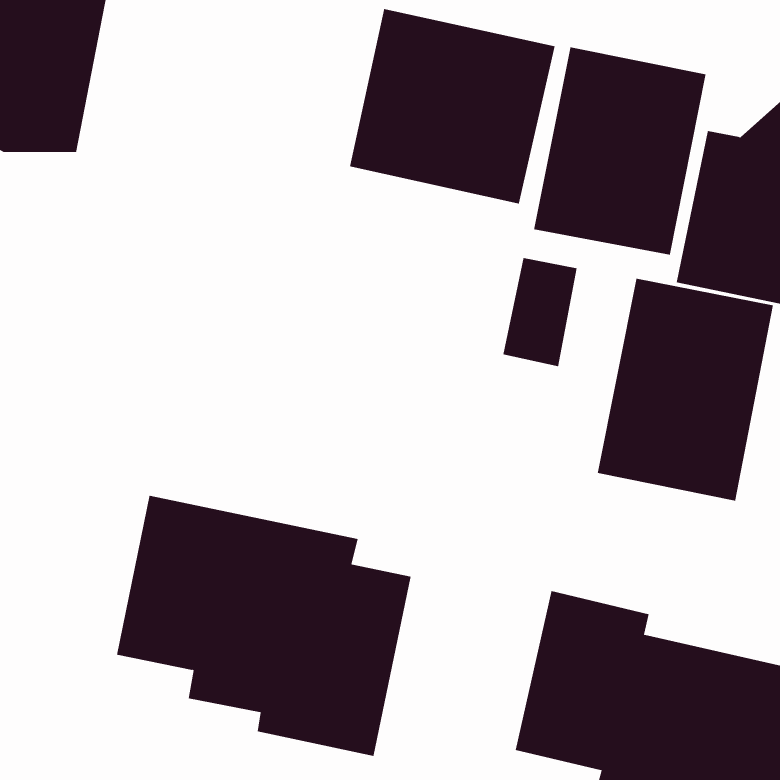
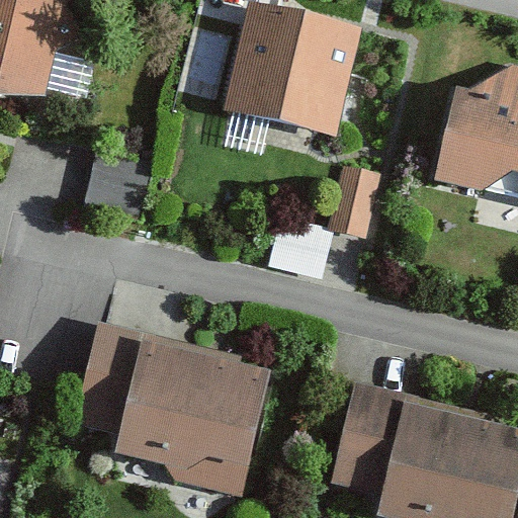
building: [534,46,706,255] -> none
building: [597,278,774,501] -> none

